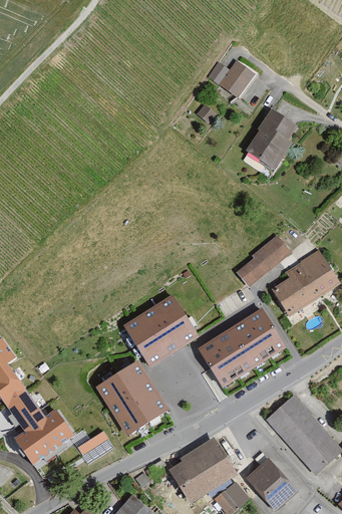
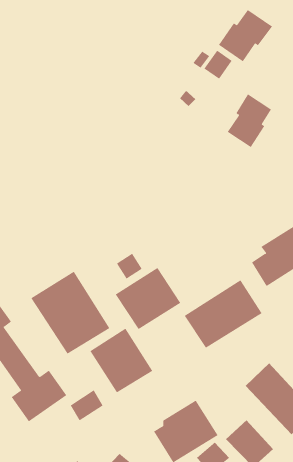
building: none -> [218,9,273,62]
building: [235,235,291,289] -> none
building: none -> [116,253,143,279]
building: none -> [31,271,110,355]

